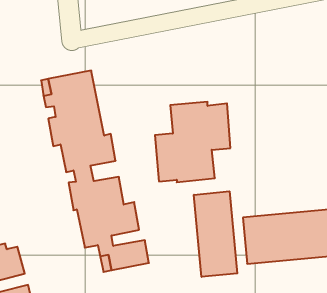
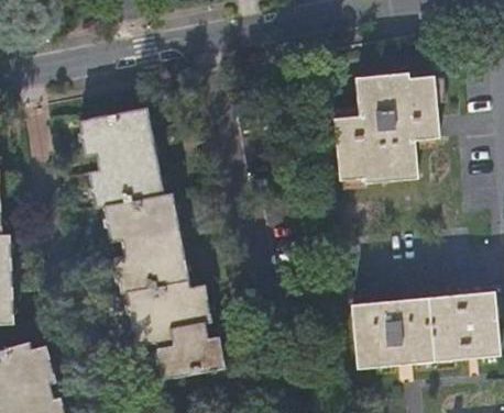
building: [155,102,230,182] -> [335,74,437,182]
building: [194,191,237,277] -> none

